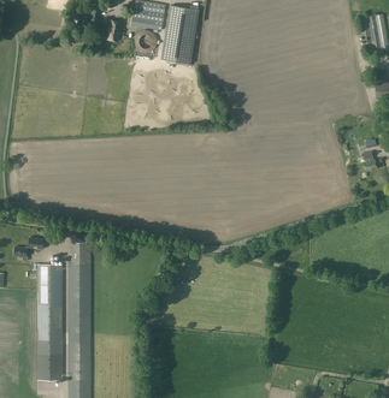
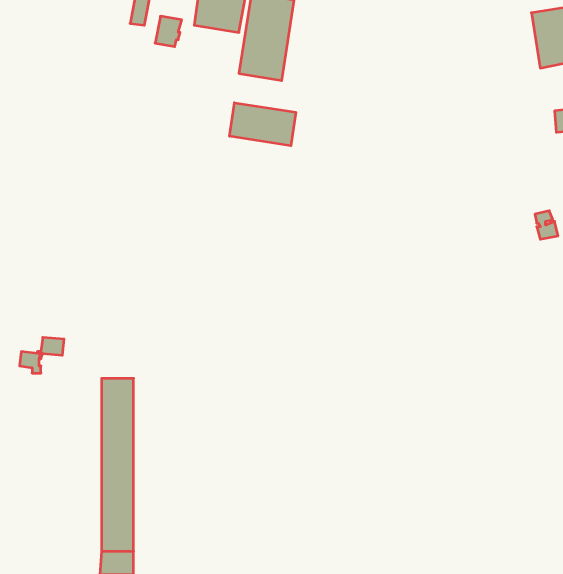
building: none -> [230,103,296,146]
building: [37,265,63,380] -> none

